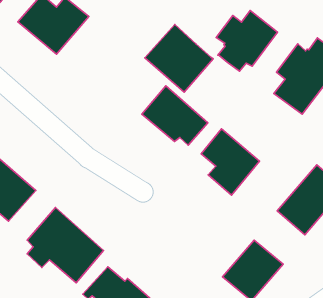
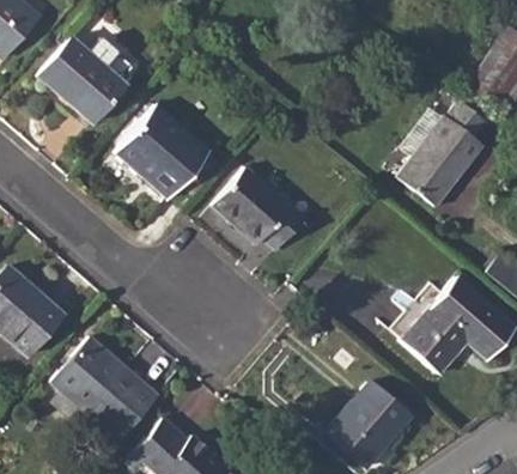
building: [216,11,278,71] -> none
building: [145,25,213,92] -> [116,104,212,199]
building: [201,129,260,195] -> none

